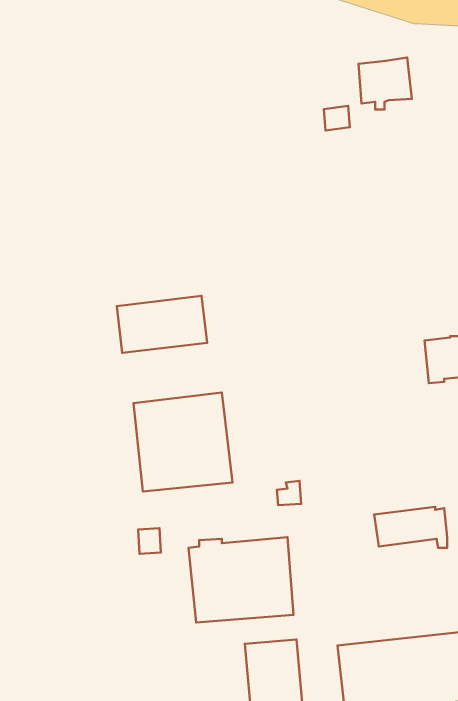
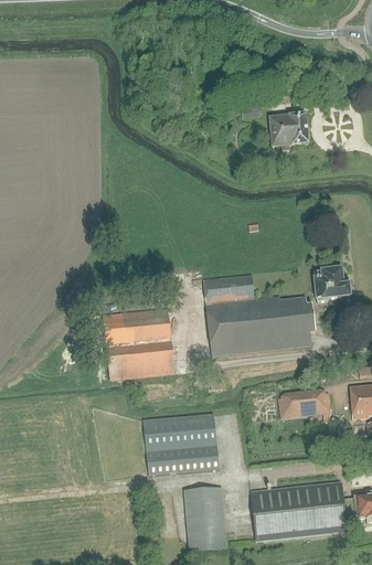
building: [358,58,412,109] -> [269,111,308,149]
building: [117,296,207,353] -> none
building: none -> [203,273,315,354]

